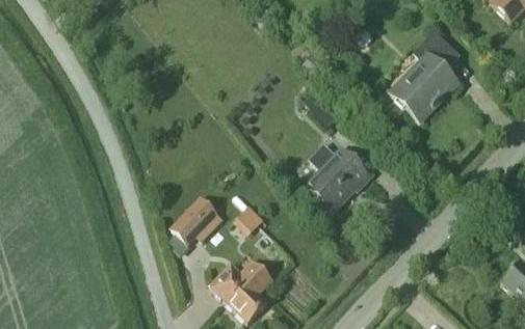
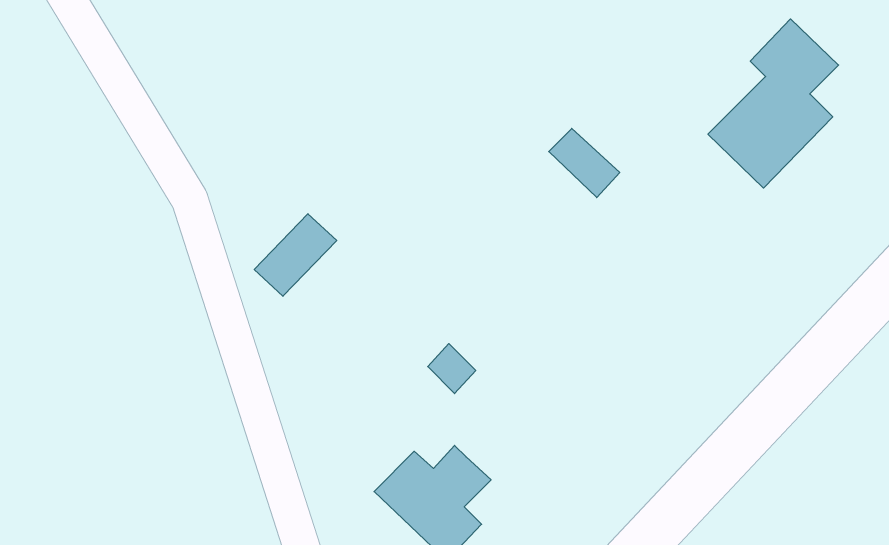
building: [305,146,372,213] -> none
building: [172,199,216,244] -> [254,214,337,296]

